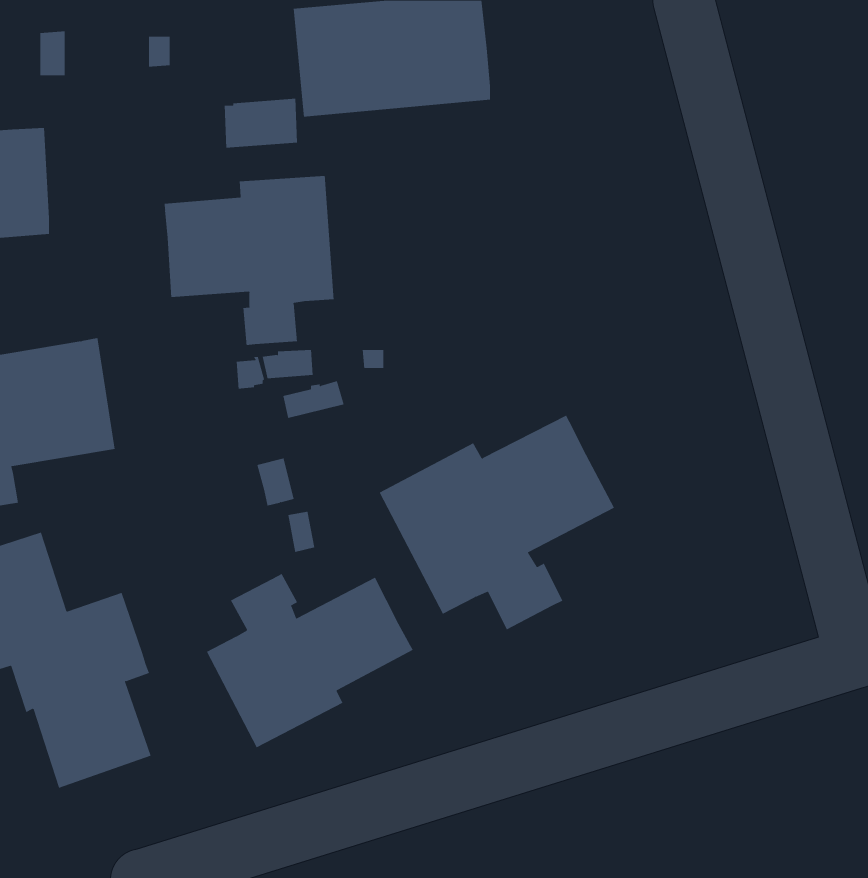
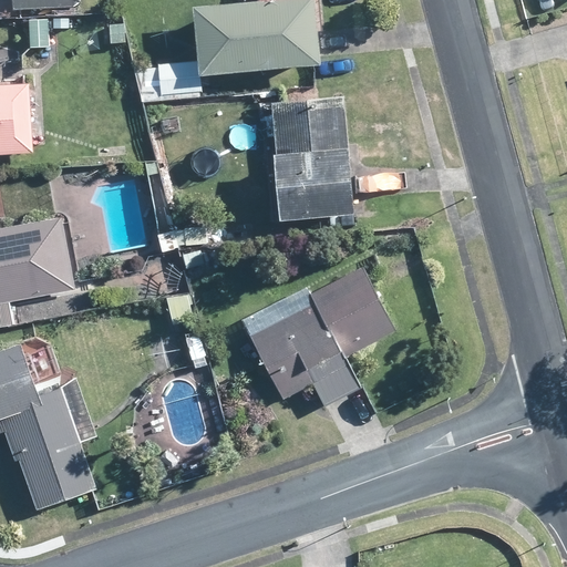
building: none -> [261,99,352,220]
building: [164,175,334,346] -> none
building: [206,573,413,748] -> none

